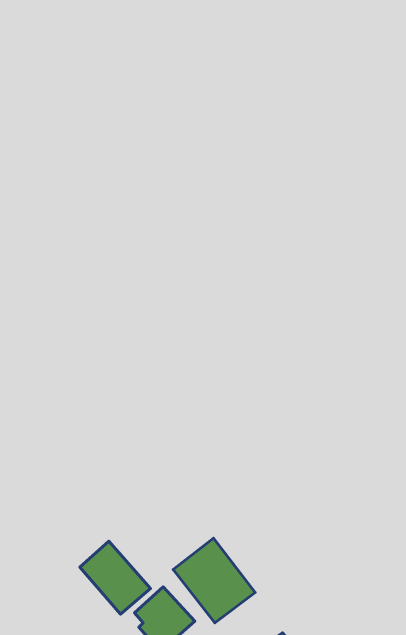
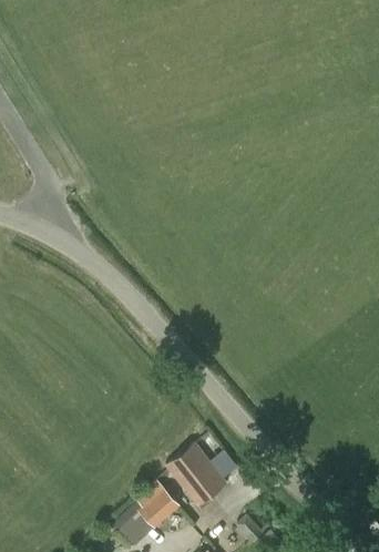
building: [80,541,151,614] -> none

